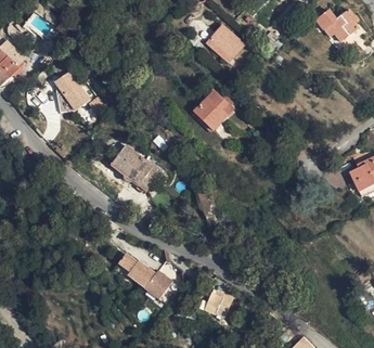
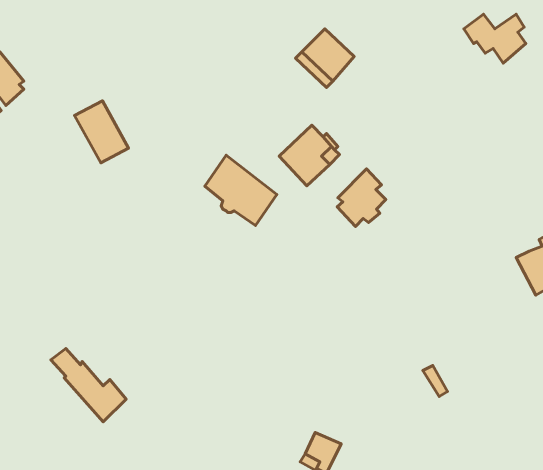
building: none -> [337,169,386,227]
building: [112,142,159,189] -> [205,155,277,225]
building: [118,256,168,305] -> [51,348,126,422]

